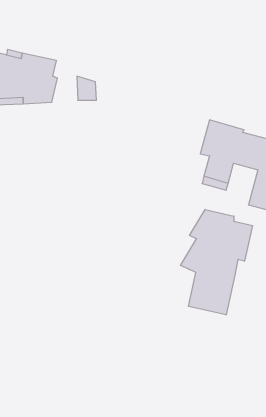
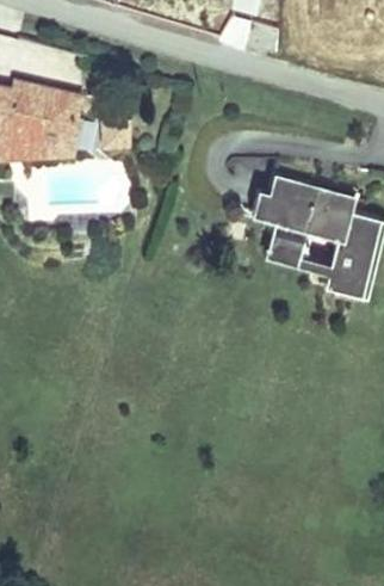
building: [181,209,252,315] -> none

